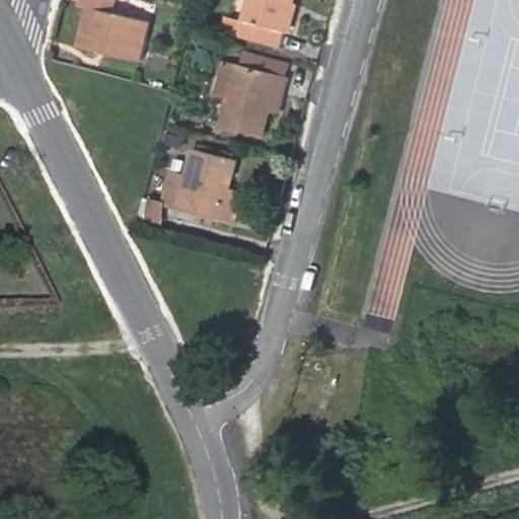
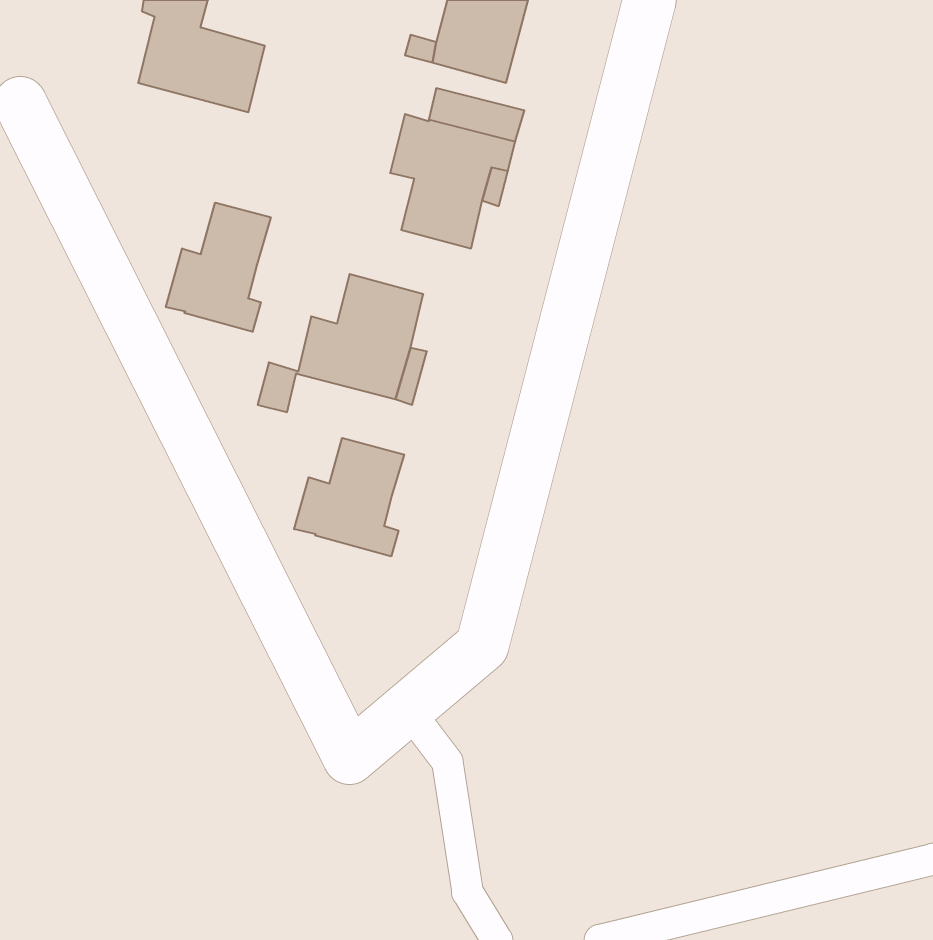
building: none -> [166,203,271,332]
building: none -> [294,438,404,556]

